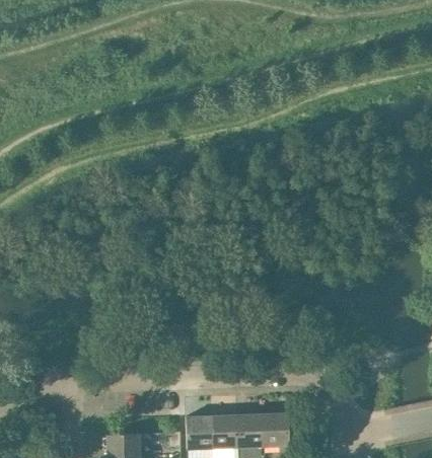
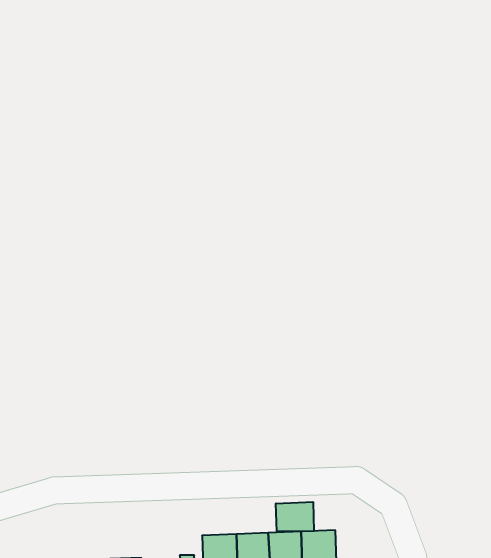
building: none -> [276,502,314,531]

